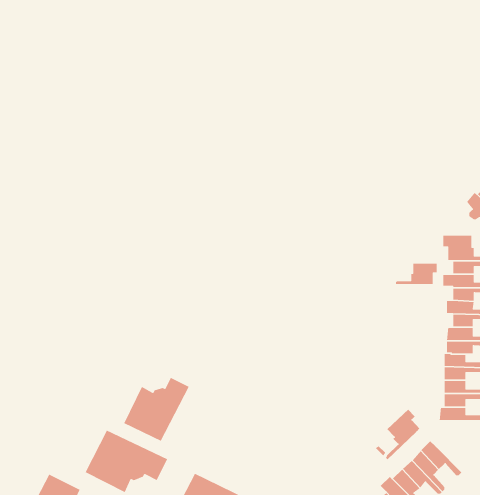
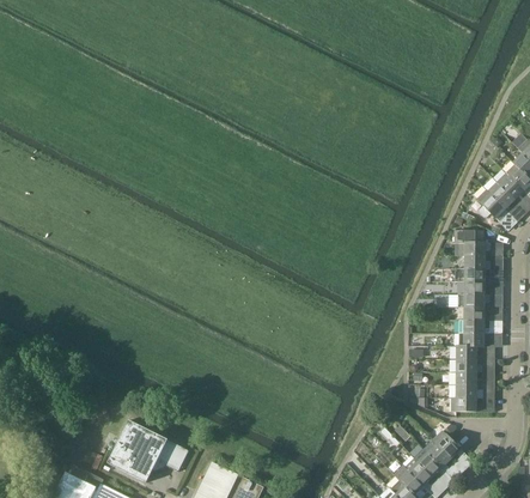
building: [395,263,438,285] -> none
building: [123,377,190,442] -> none
building: [385,409,420,460] -> none

